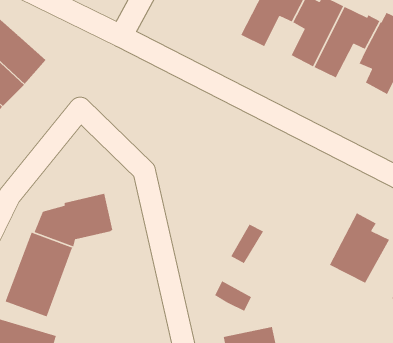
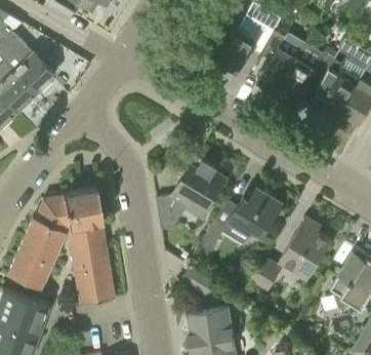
building: none -> [156,158,226,230]
building: none -> [228,188,283,237]
building: none -> [67,221,113,305]
building: none -> [251,257,283,291]

